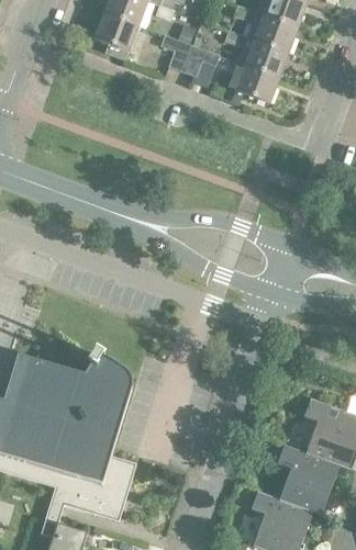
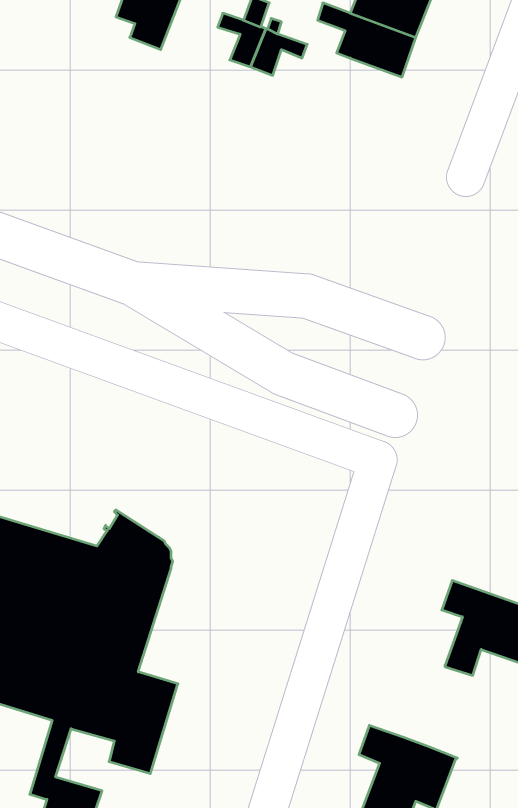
building: [236,64,278,101] -> none
building: [277,442,340,503] -> none

